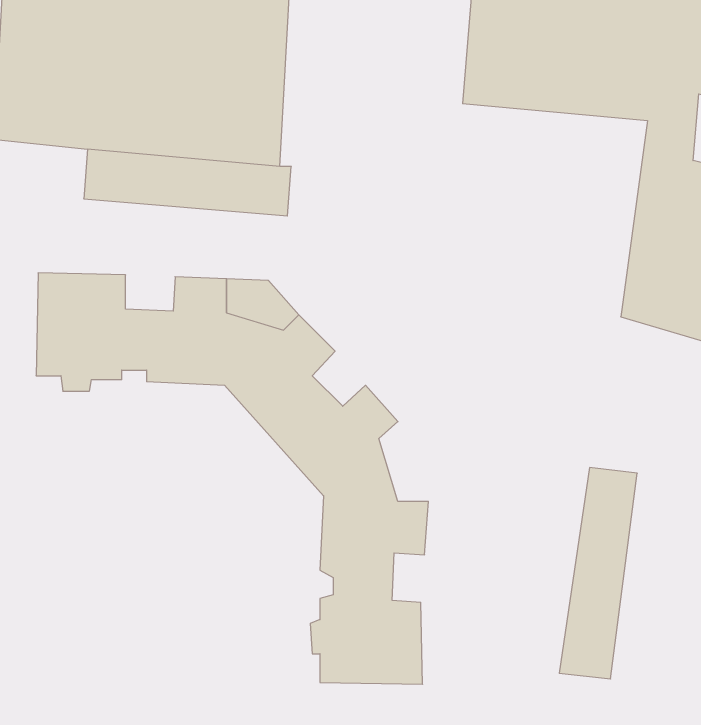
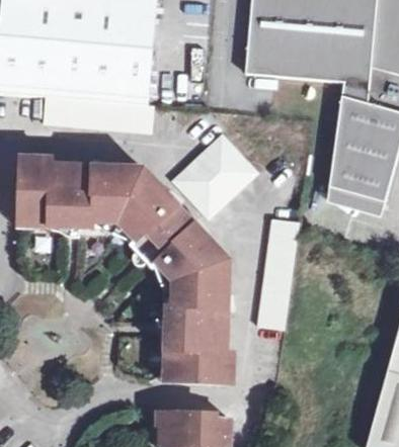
building: none -> [171,133,256,217]
building: none -> [202,243,229,285]
building: [559,468,637,679] -> [257,218,299,331]

